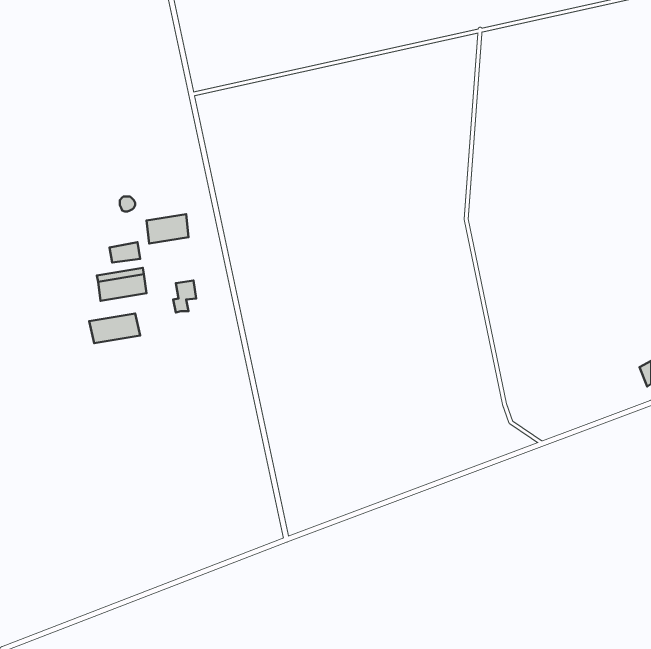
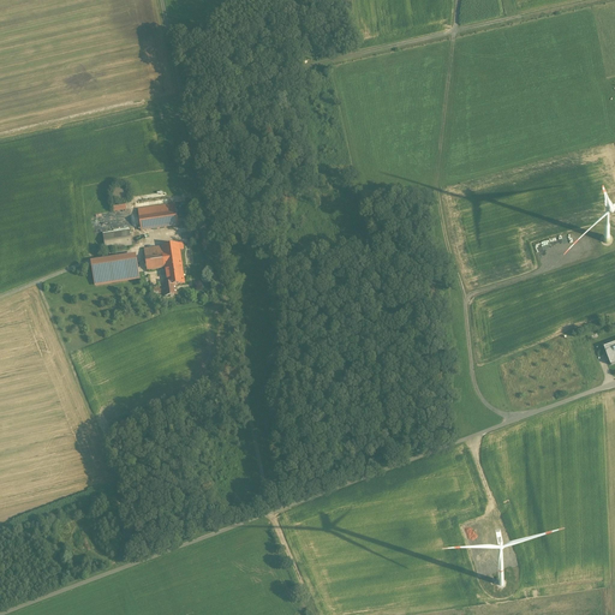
building: none -> [144,243,183,269]
building: [89,314,140,343] -> none

